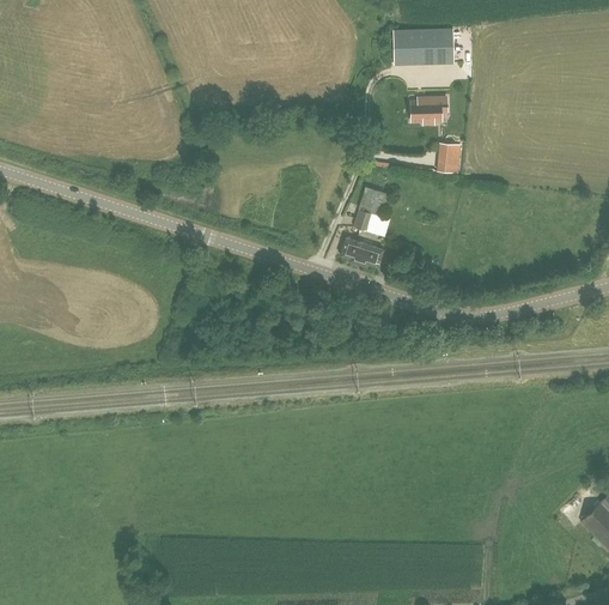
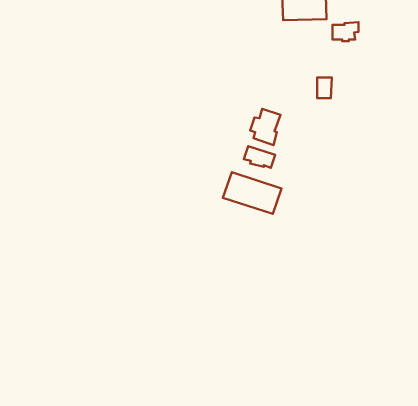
building: [410,97,446,123] -> [332,22,359,41]
building: none -> [223,172,282,214]

